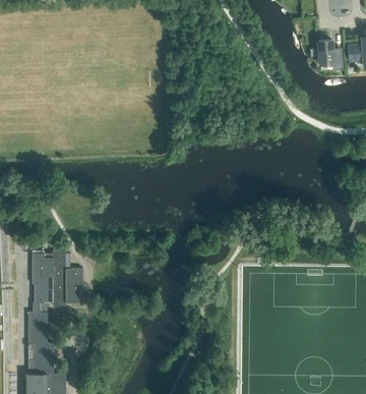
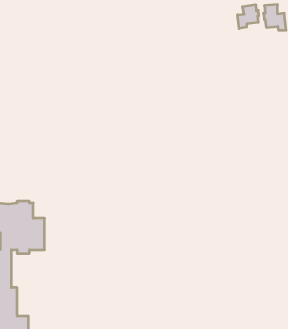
building: none -> [238,5,259,29]

